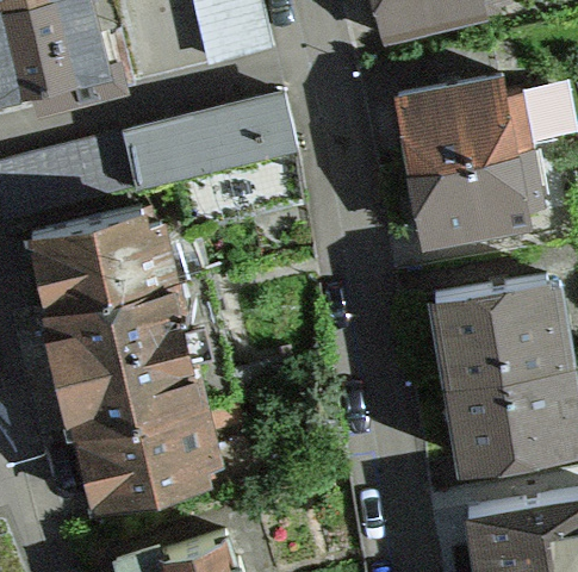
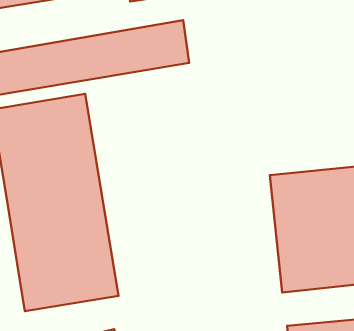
building: [393,79,532,244] -> none

